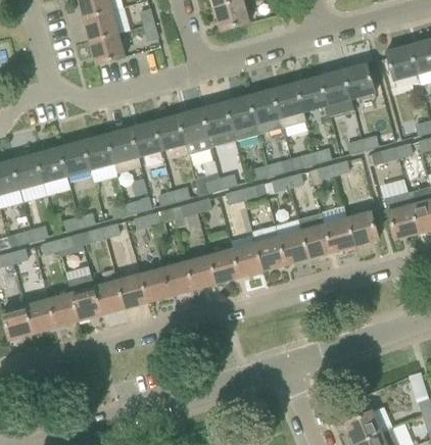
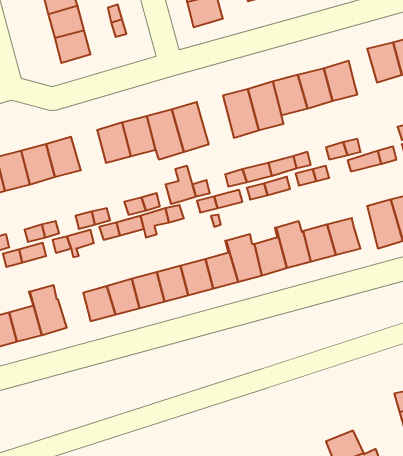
building: [225,95,259,141] -> none
building: [106,128,139,165] -> none
building: [94,281,125,313] -> none

